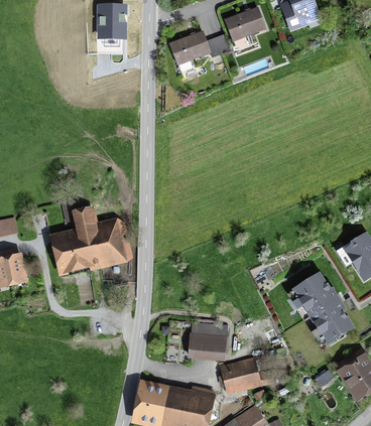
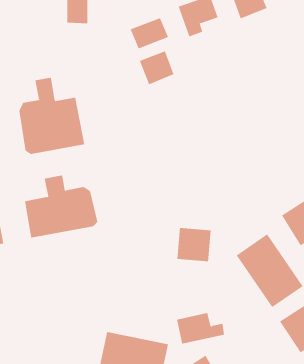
building: none -> [139,51,174,85]
building: none -> [19,77,85,155]
building: [189,322,228,361] -> [176,228,212,262]

